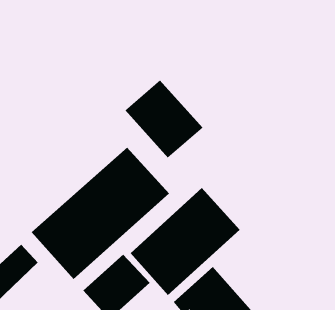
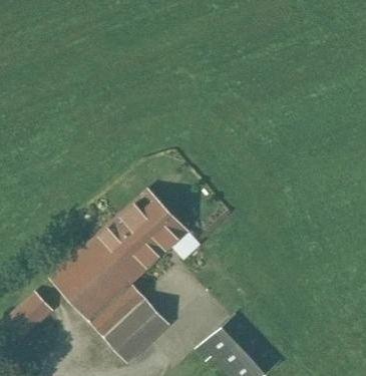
building: [124,79,203,159] -> none
building: [130,187,241,296] -> none

